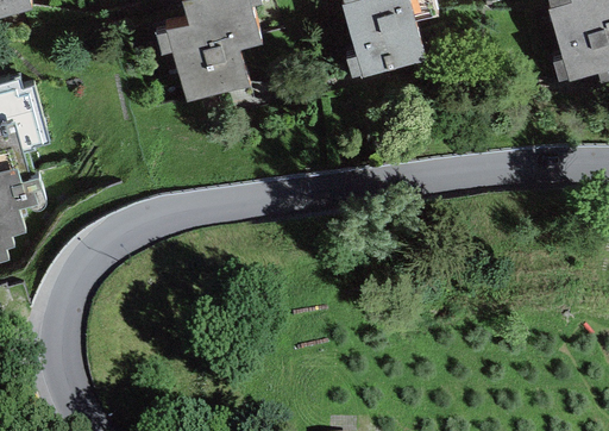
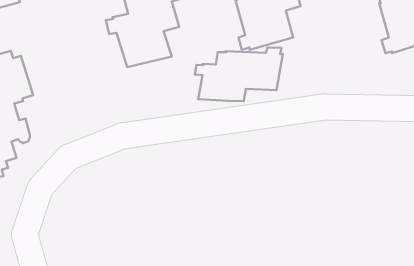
building: none -> [195,47,283,101]

